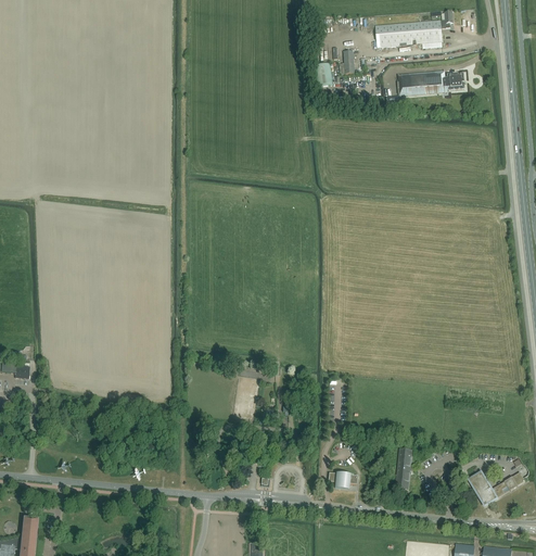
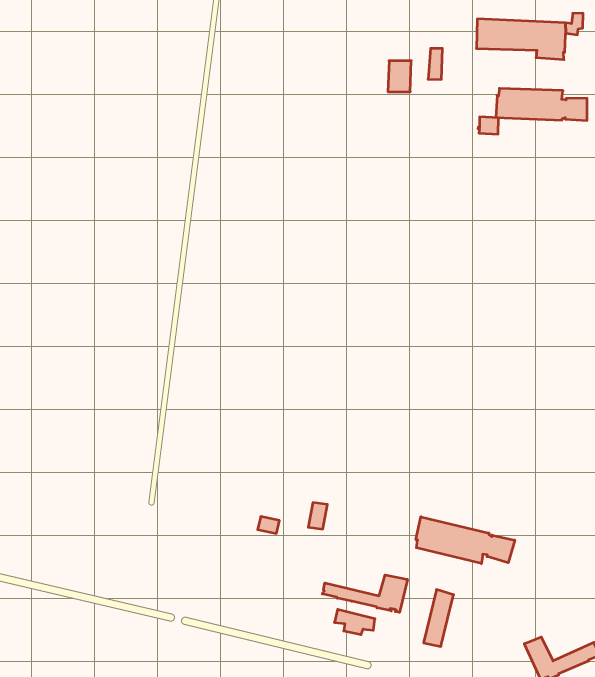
building: none -> [416,517,515,564]
building: none -> [322,575,407,612]

